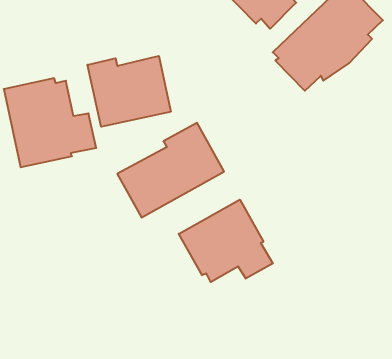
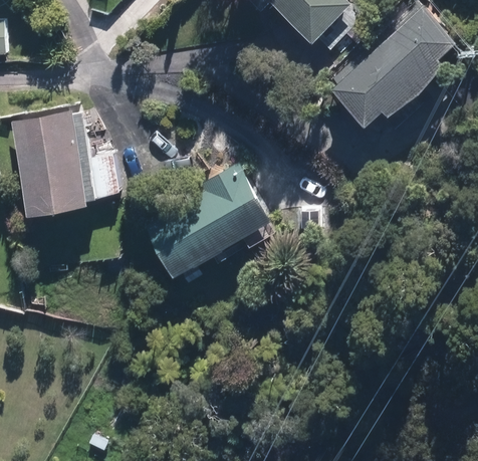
building: [87,56,171,127] -> none
building: [179,200,273,282] -> none

